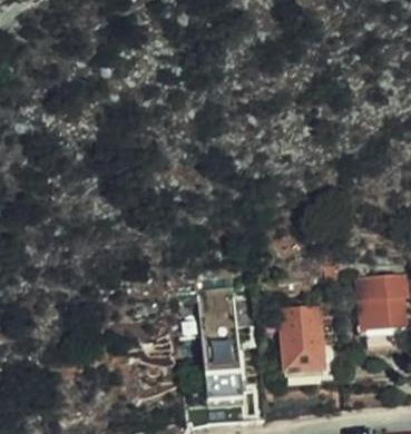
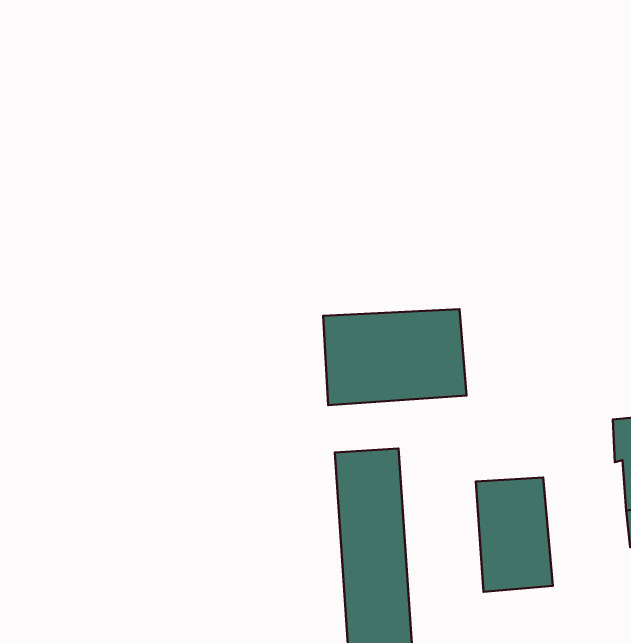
building: none -> [323,309,467,405]

